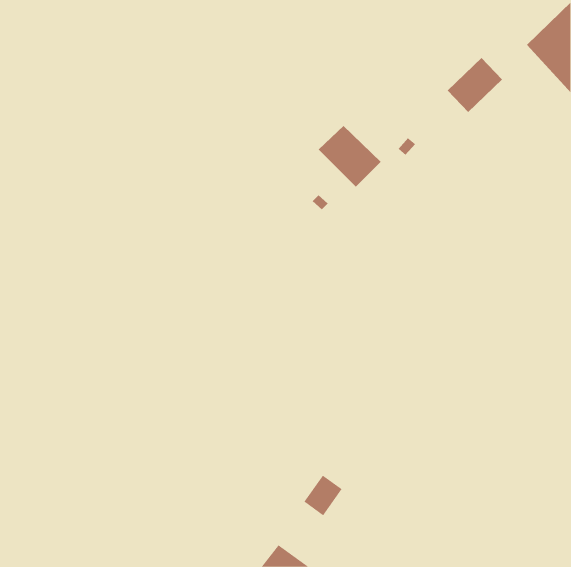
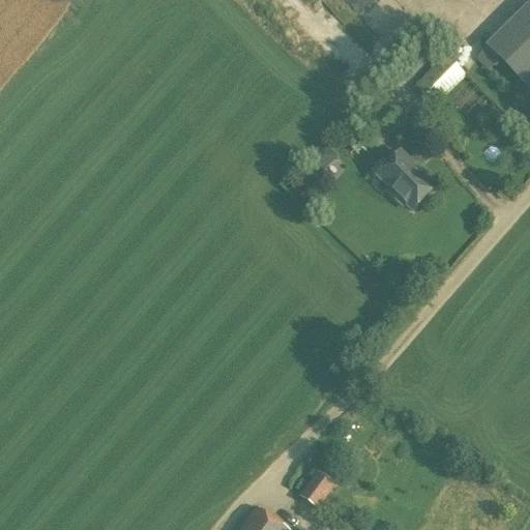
building: [318,125,381,188] -> [378,149,437,207]
building: [303,475,343,516] -> [299,469,335,507]

